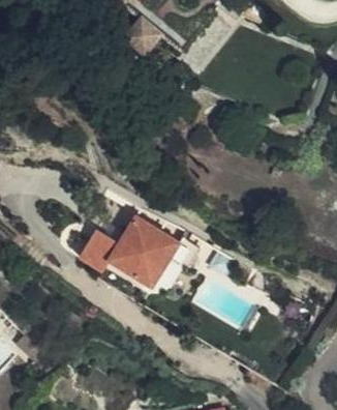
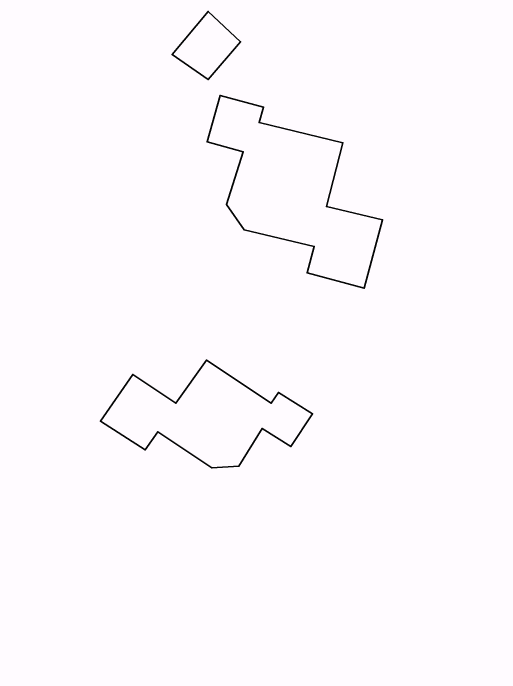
building: none -> [207,95,382,288]

